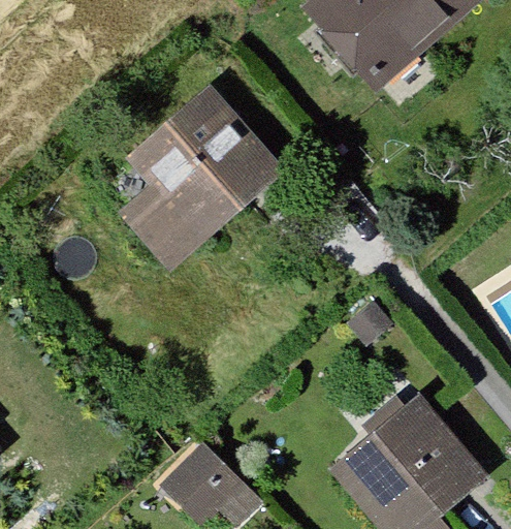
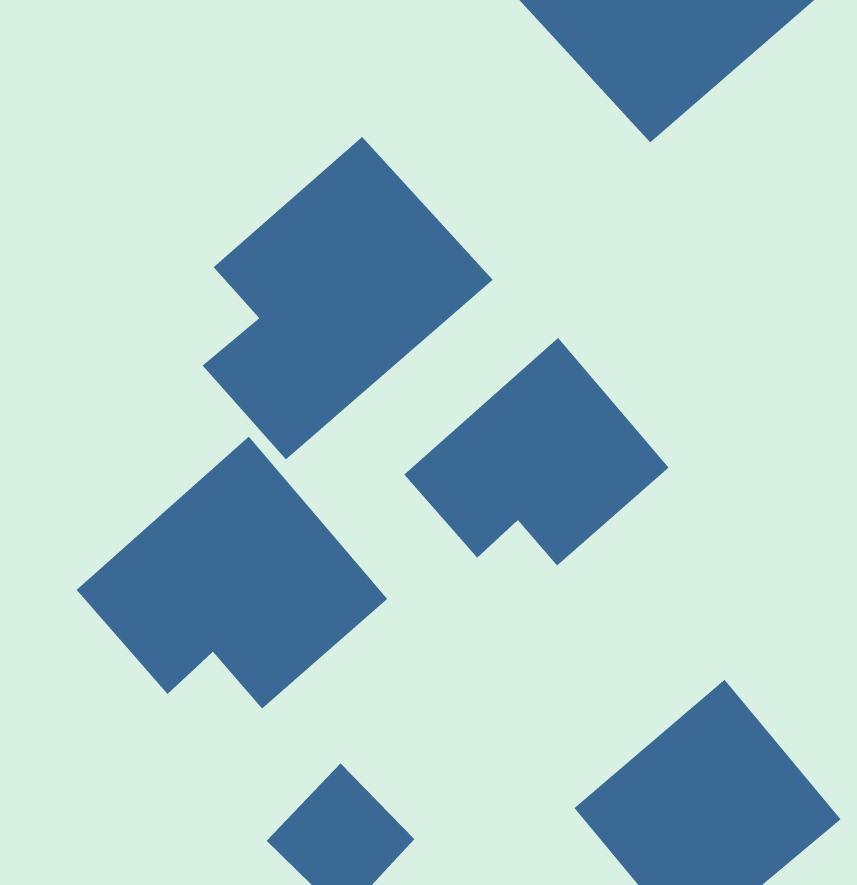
building: none -> [404,337,670,567]
building: none -> [76,436,388,710]

